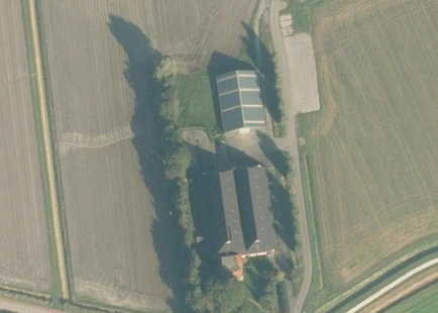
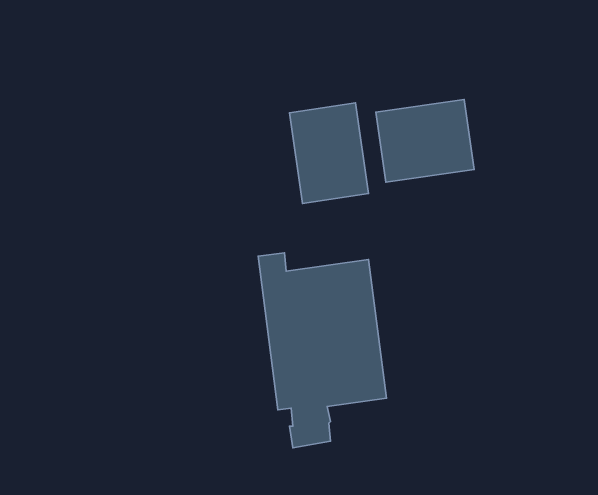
building: none -> [376,99,474,182]

